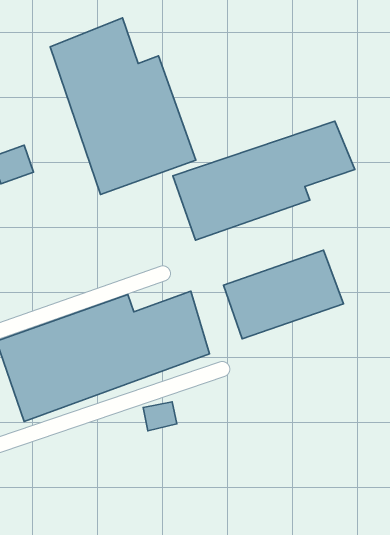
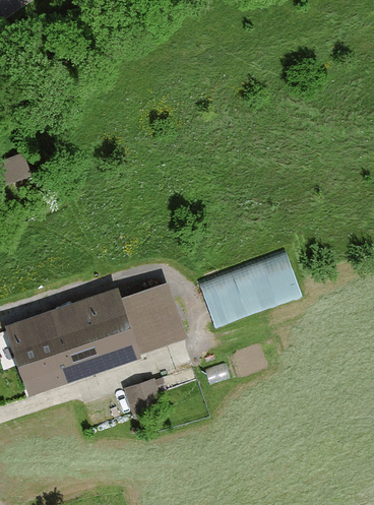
building: [50,18,196,195] -> none
building: [173,121,355,240] -> none

